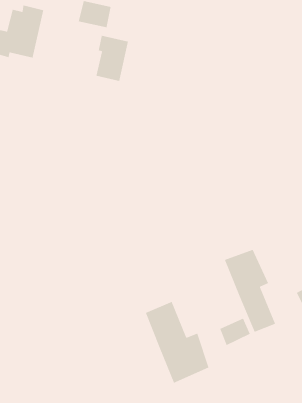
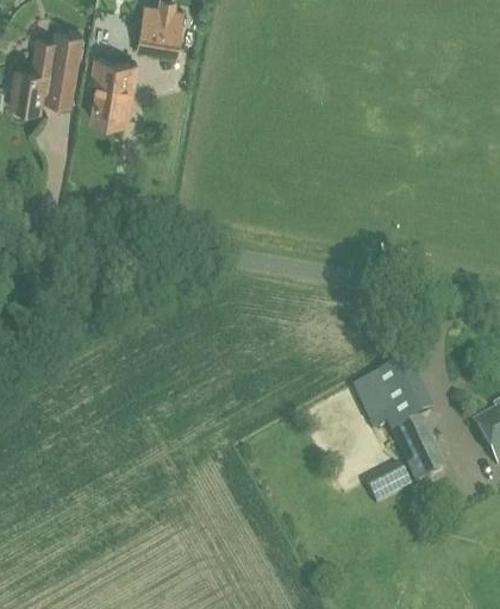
building: [96,35,129,82] -> [90,57,136,124]
building: [145,301,210,384] -> none

